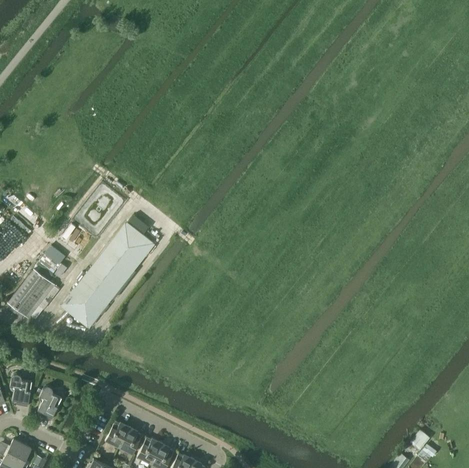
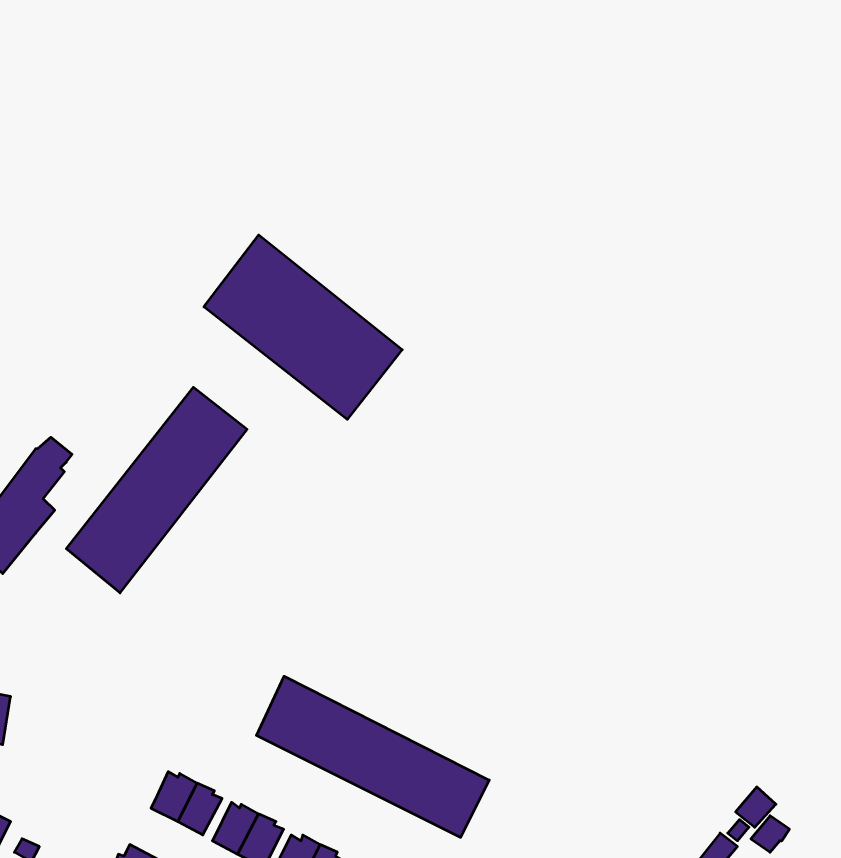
building: none -> [204,235,402,419]
building: none -> [256,676,489,837]
building: [38,386,62,421] -> none

